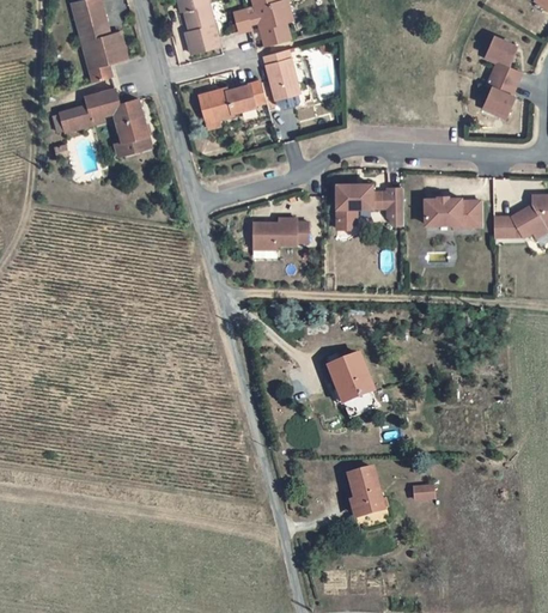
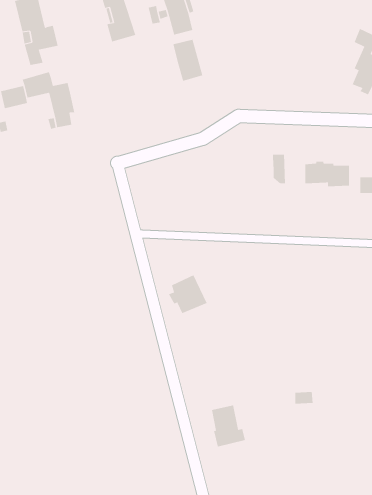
building: [200,83,266,120] -> none
building: [335,184,379,230] -> none
building: [250,217,305,247] -> none
building: [321,353,369,401] -> [168,274,207,314]
building: [351,467,392,518] -> [211,405,246,447]

